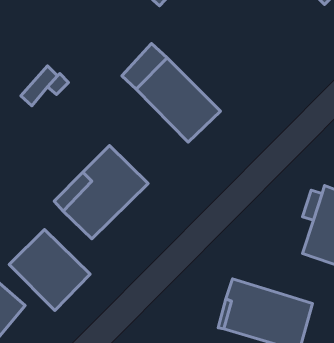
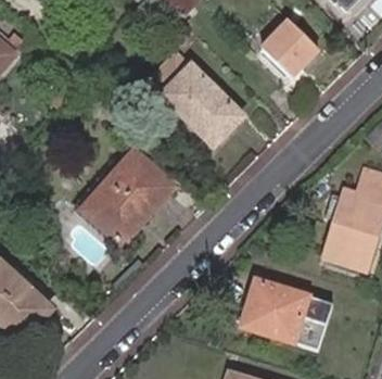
building: none -> [260,20,318,77]
building: [9,229,90,311] -> none

